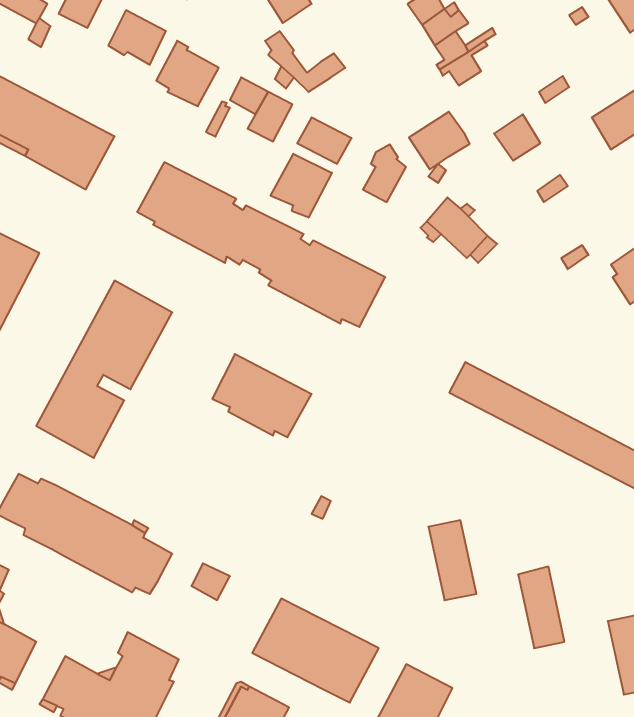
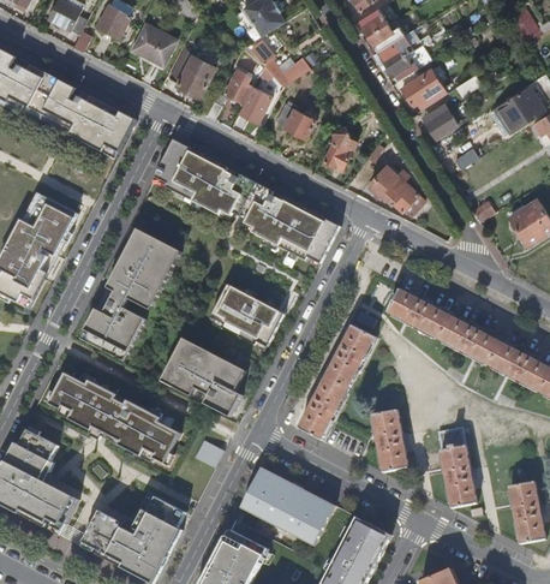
building: [409,112,470,169] -> [399,67,444,111]
building: [271,154,332,218] -> none
building: none -> [299,324,375,436]
building: none -> [160,336,246,416]

